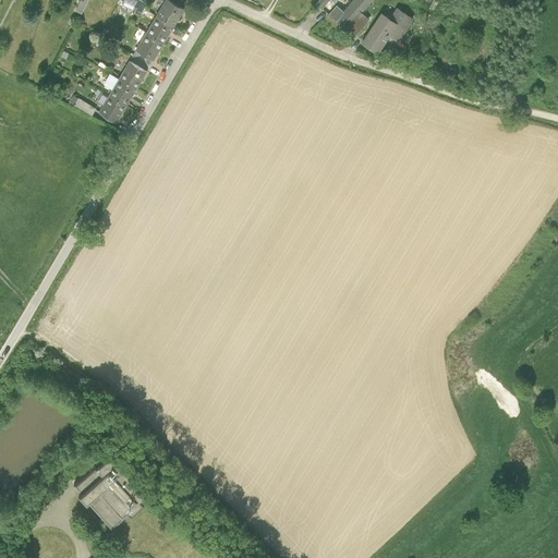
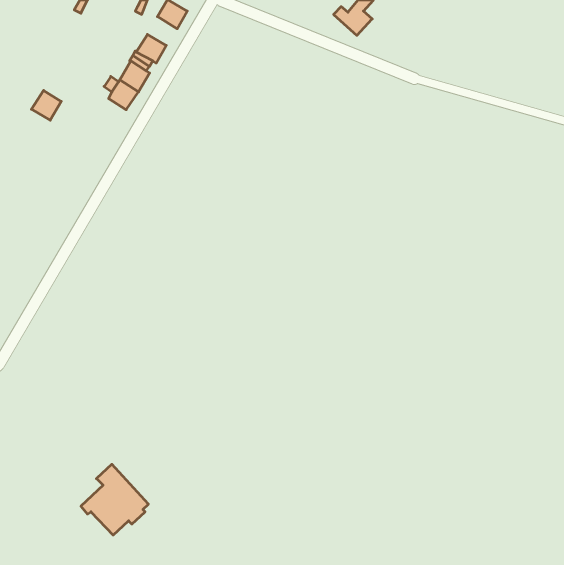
building: [361,9,411,52] -> none
building: [145,17,174,46] -> none
building: [95,98,124,128] -> [31,90,61,120]

